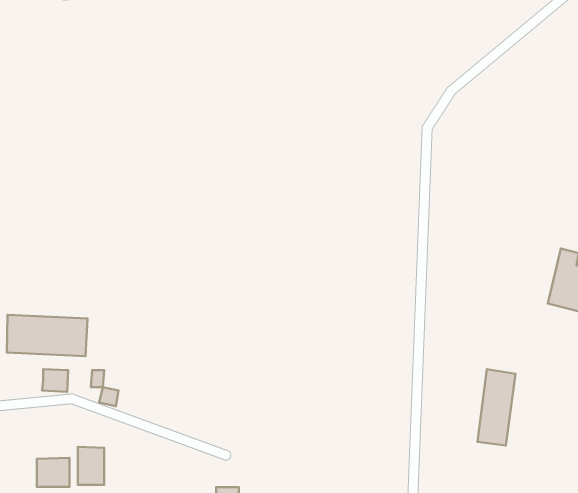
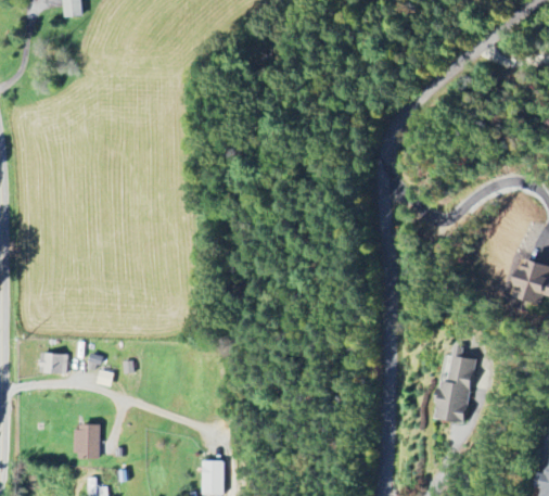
building: [7,315,87,356] -> none
building: [37,458,69,487] -> none

